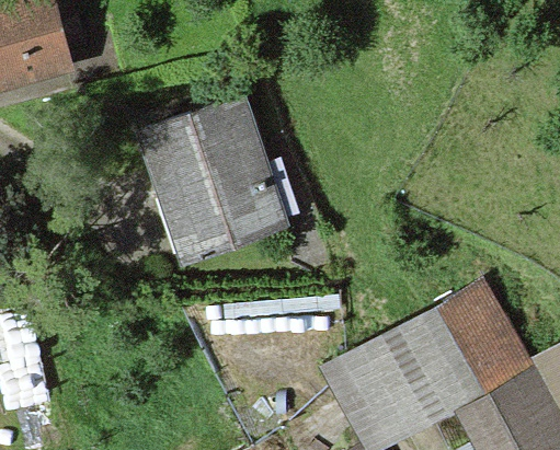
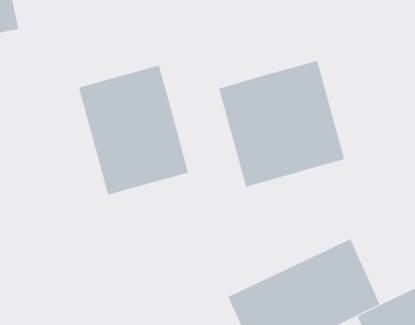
building: none -> [218,60,345,187]

